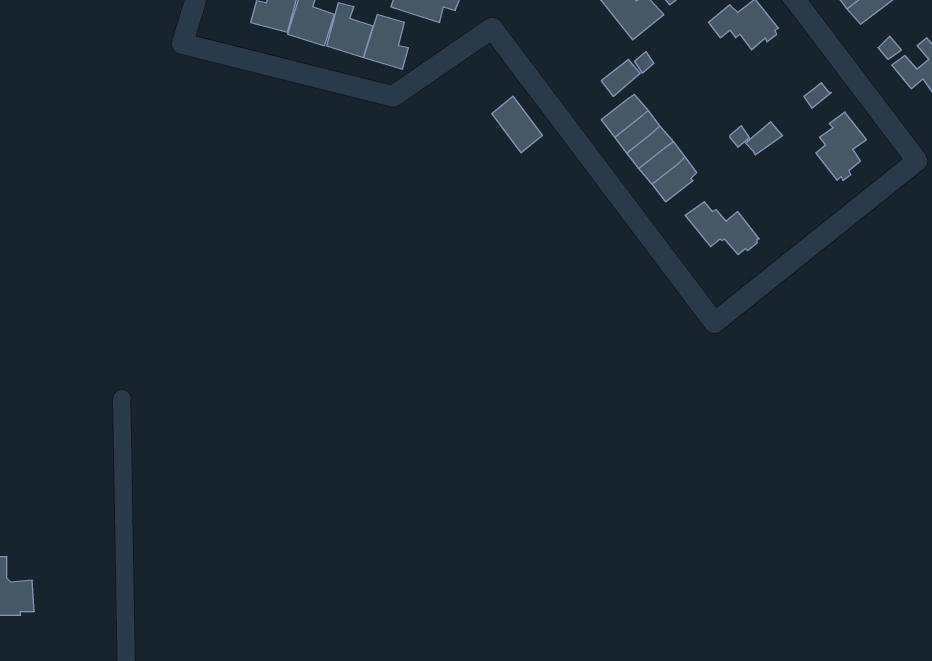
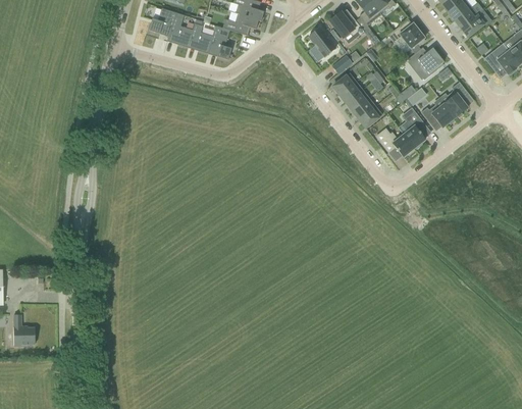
building: none -> [407,47,443,80]
building: [492,96,542,153] -> [308,28,334,57]
building: none -> [420,103,455,127]
building: none -> [402,108,425,148]

